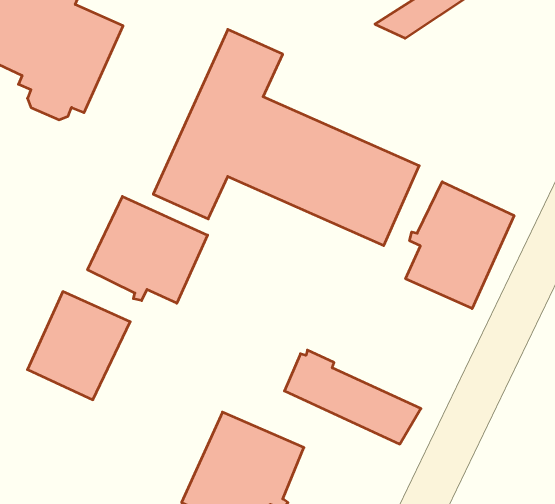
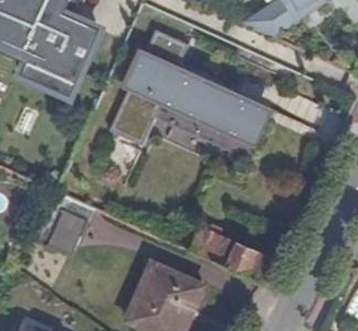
building: [406,182,514,309] -> none
building: [88,196,208,303] -> none

